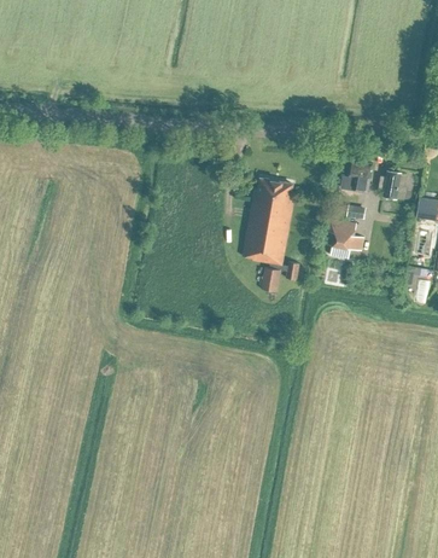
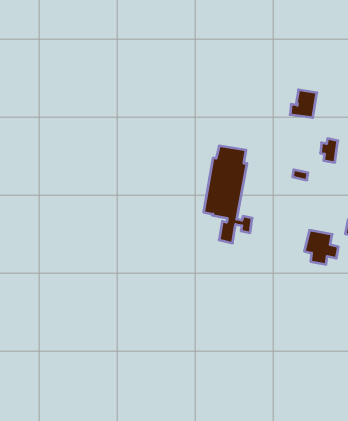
building: [341,159,373,192] -> [290,90,317,118]
building: [323,219,363,258] -> [304,230,338,264]

